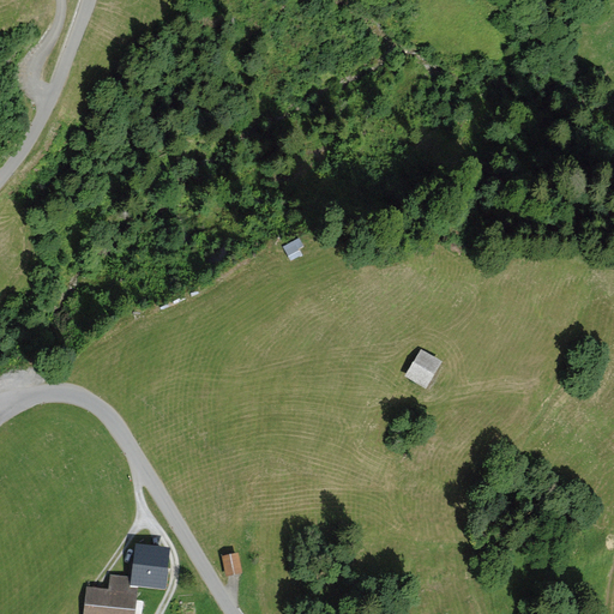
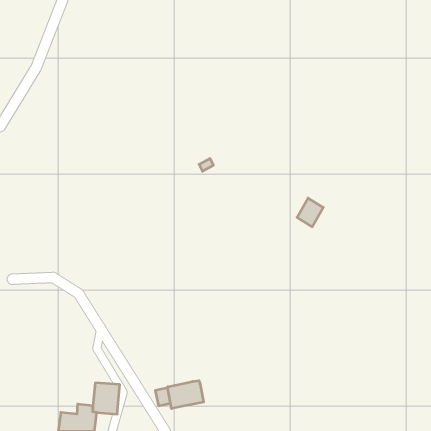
building: [404,349,441,390] -> [297,198,323,227]
building: none -> [168,381,204,409]

